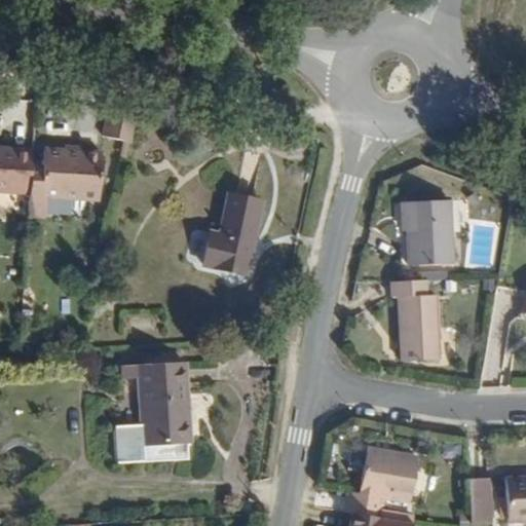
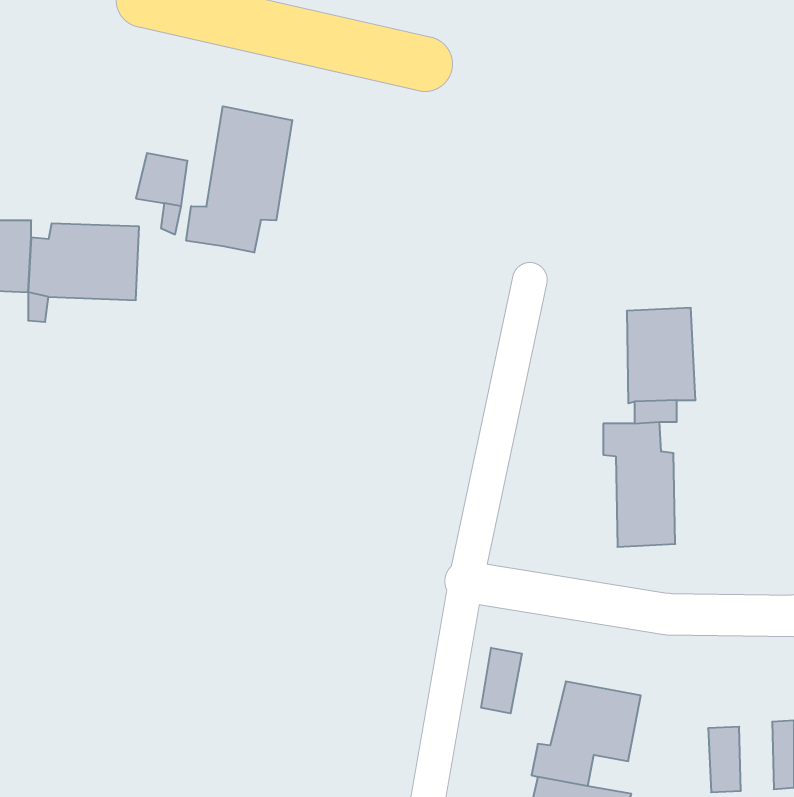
building: none -> [186,106,292,253]
building: [204,194,262,274] -> none
building: [106,362,181,461] -> none
building: none -> [481,648,522,713]

